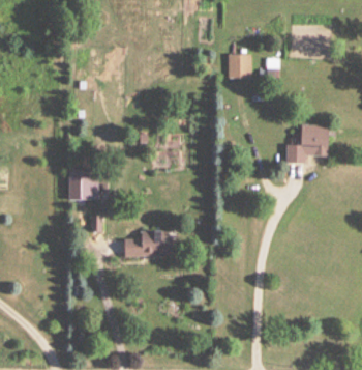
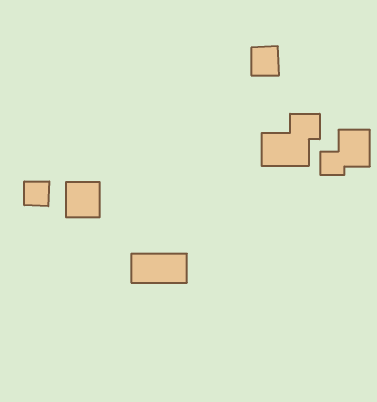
building: none -> [262,114,320,166]
building: none -> [24,181,49,206]

